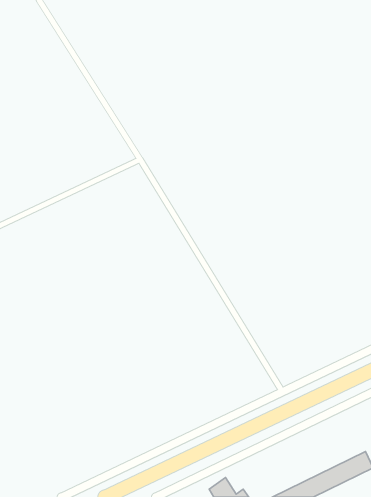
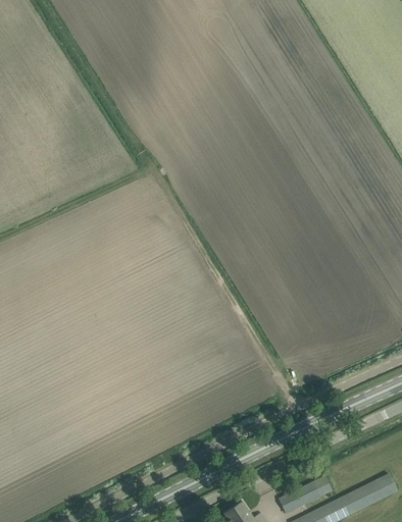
building: none -> [279,475,333,513]

